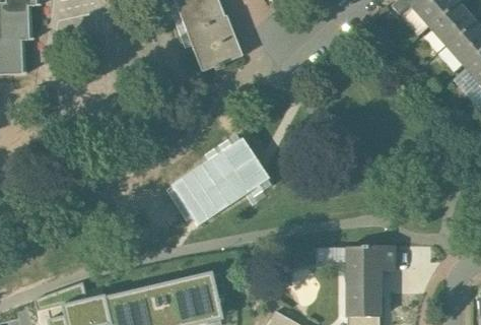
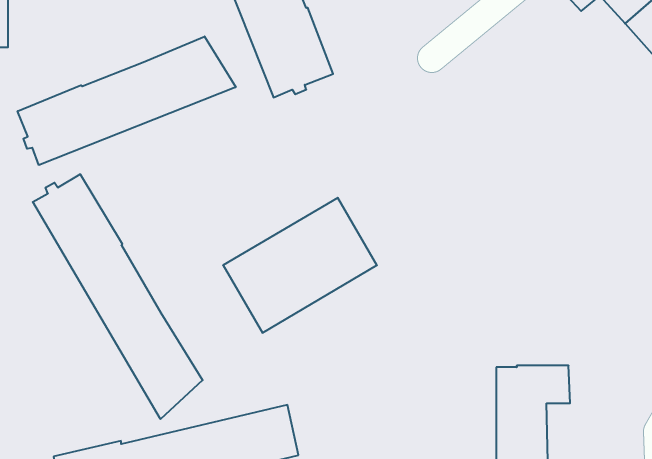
building: none -> [18,36,236,165]
building: none -> [33,174,203,419]

